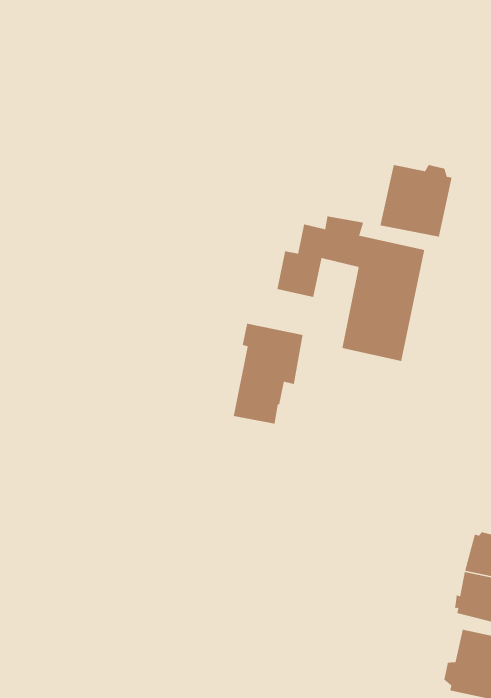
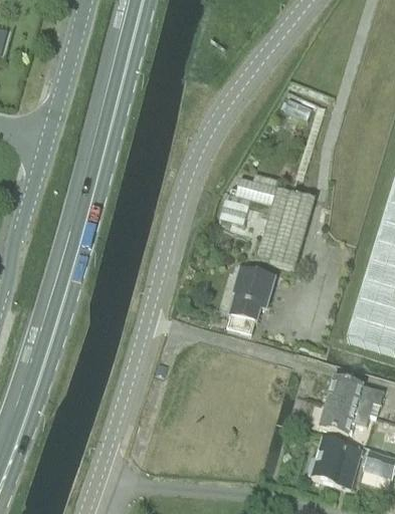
building: [380,164,452,238] -> none
building: [233,323,303,425] -> [225,266,273,331]

